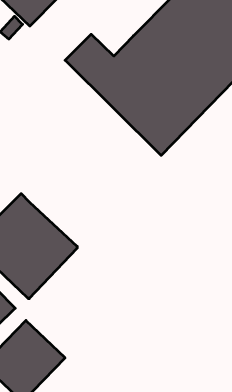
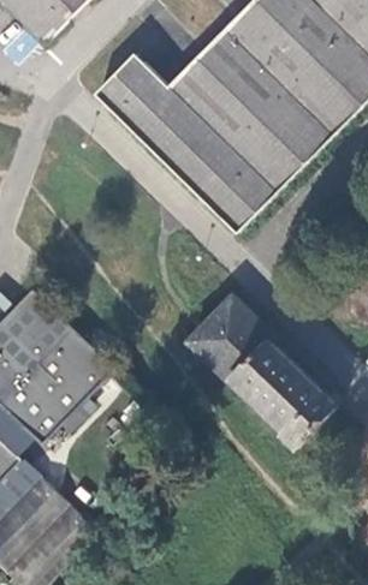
building: none -> [185,294,338,447]

